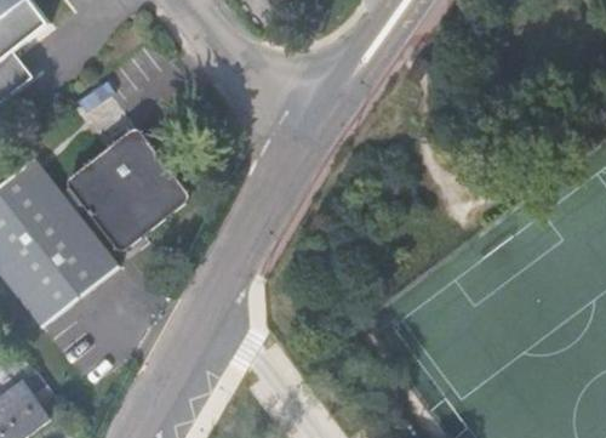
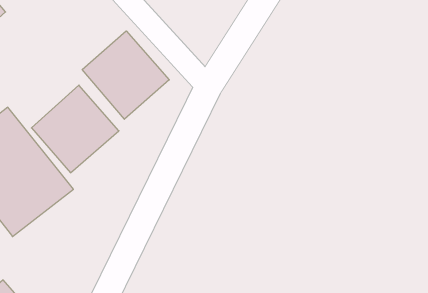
building: none -> [82,31,169,119]

